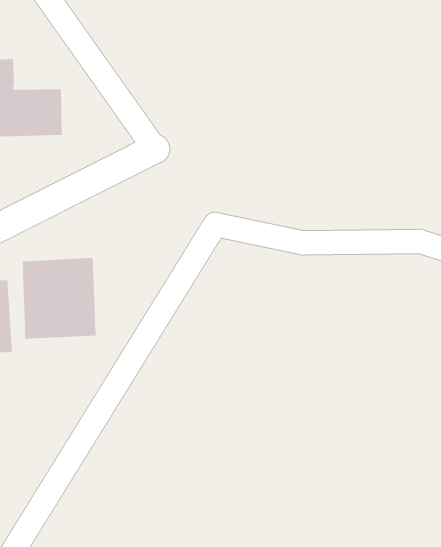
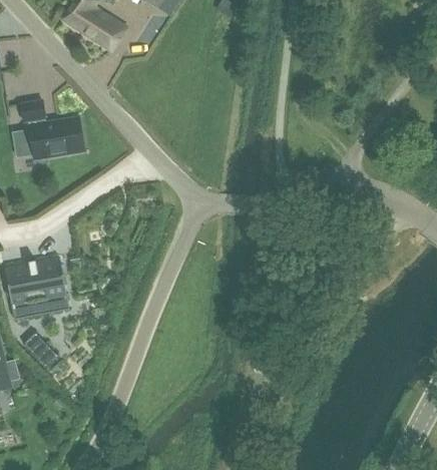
building: [22,257,96,340] -> none

